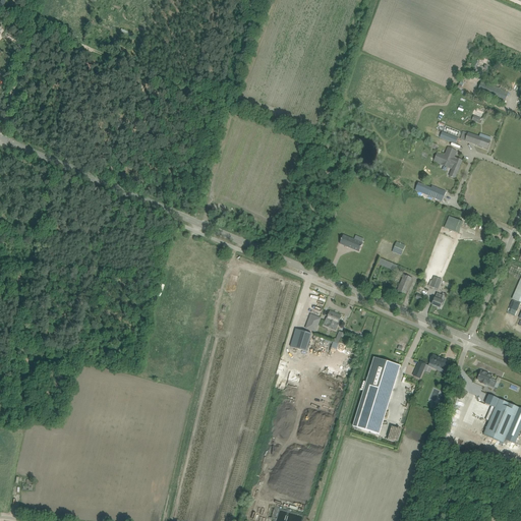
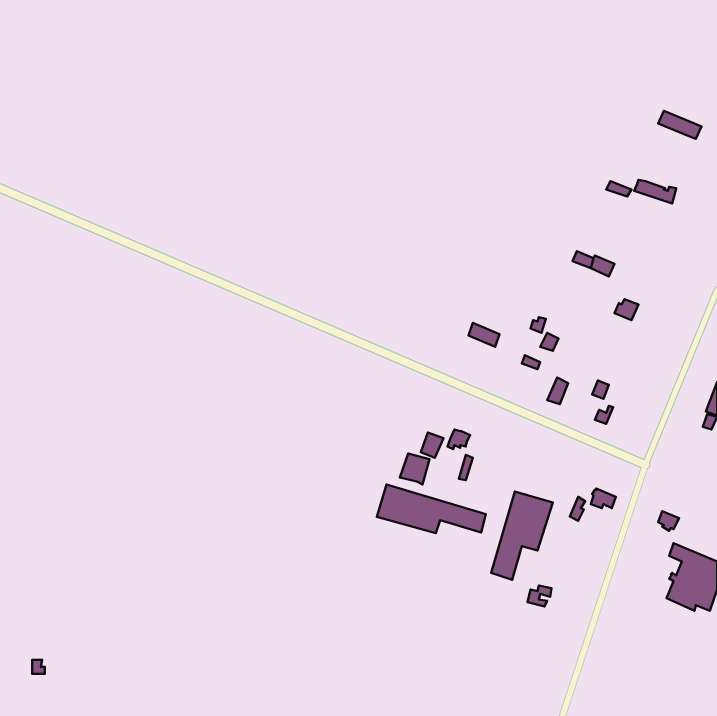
building: [433,147,462,177] -> none
building: none -> [377,485,486,533]

